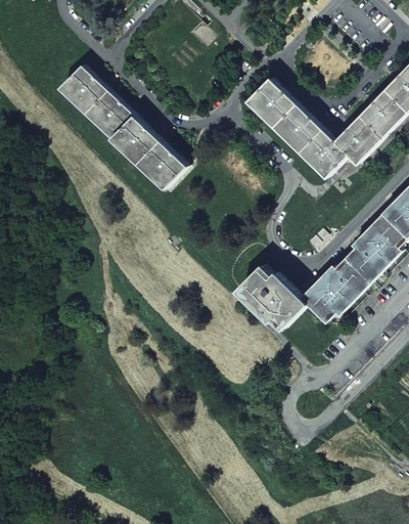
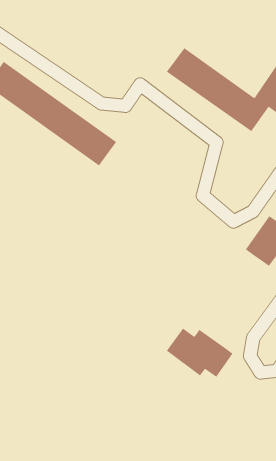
building: [236,269,306,326] -> [166,327,234,378]

